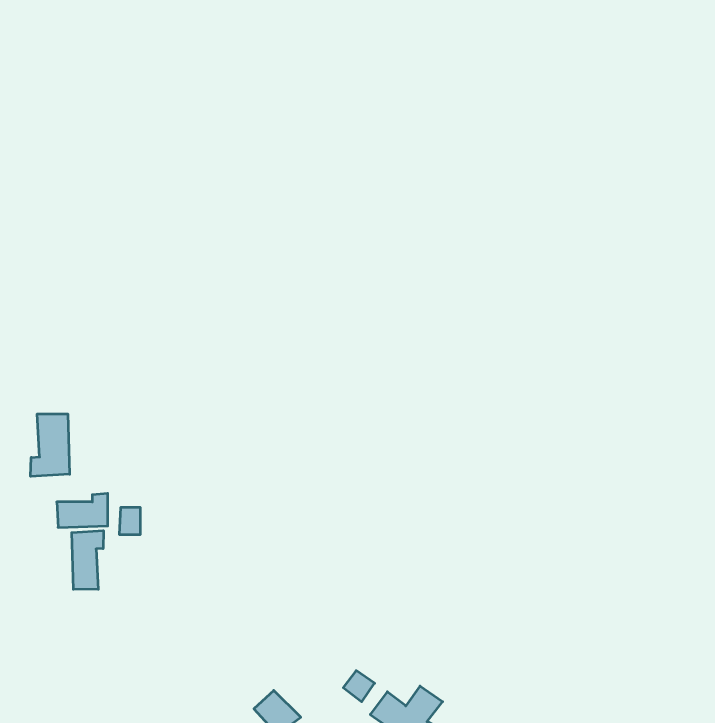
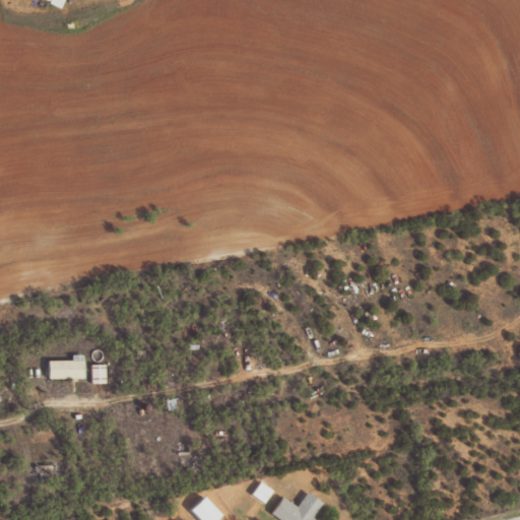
building: [31,414,70,476] -> none
building: [72,531,103,589] -> none

